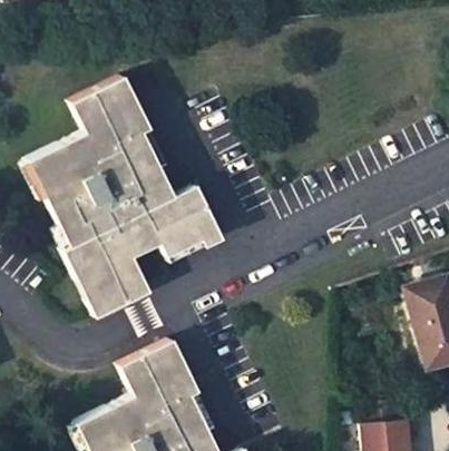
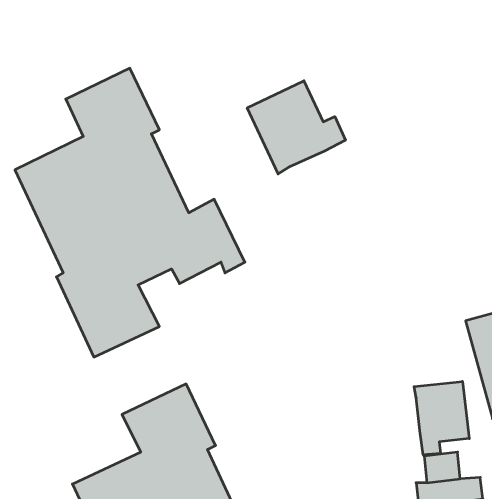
building: none -> [247,81,345,174]
building: none -> [414,381,469,455]

